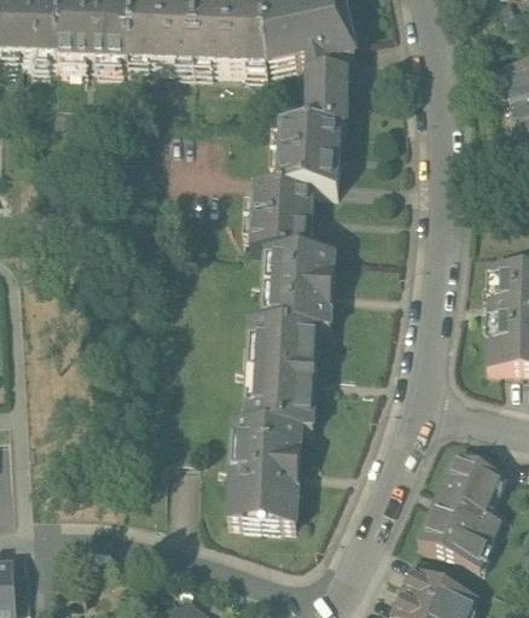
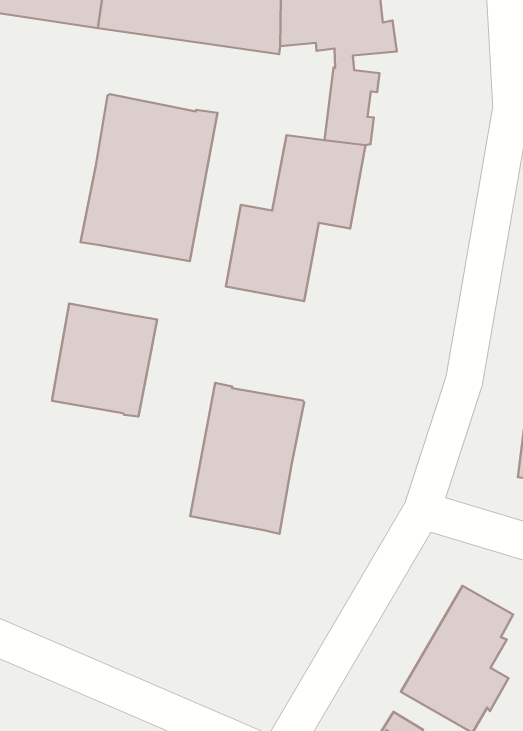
building: none -> [80,94,217,261]
building: [264,245,336,323] -> [52,304,157,417]
building: [228,419,302,523] -> none

